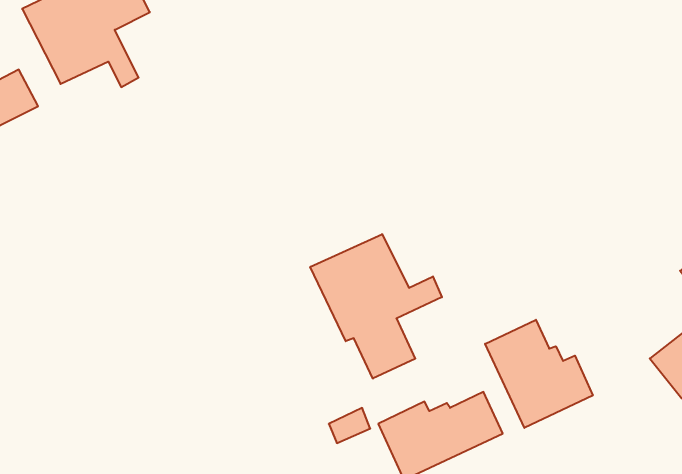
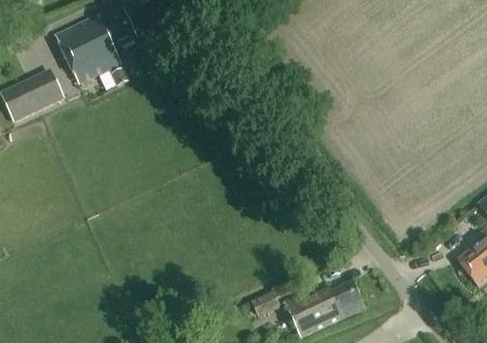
building: [310,234,442,379] -> none
building: [485,320,593,428] -> none

